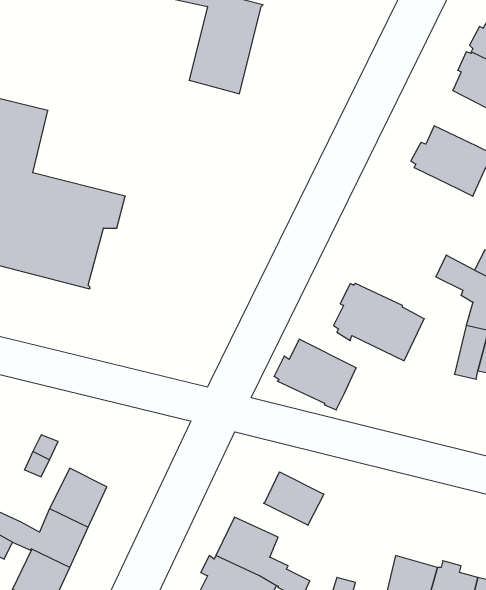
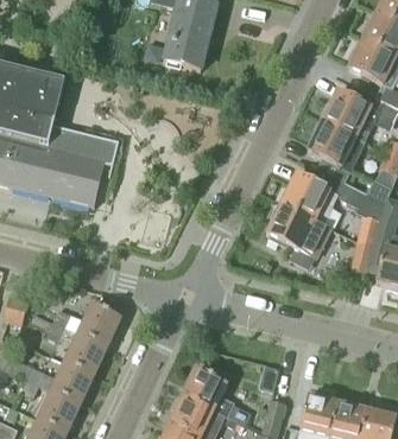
building: none -> [309,121,364,170]
building: [274,339,356,410] -> [279,173,337,223]
building: none -> [80,304,120,346]
building: [264,472,324,525] -> none

